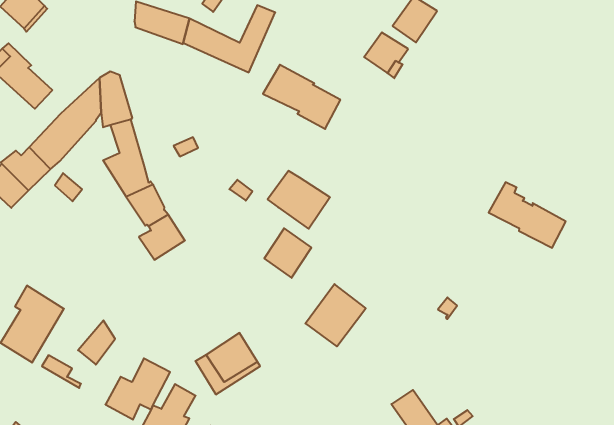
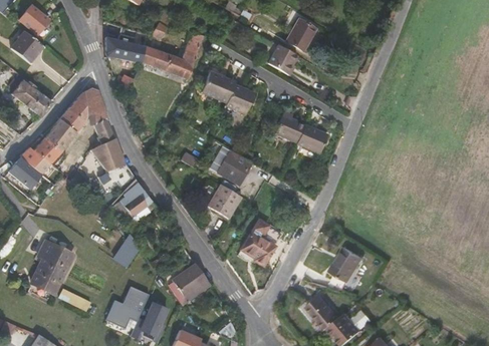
building: [489,182,566,248] -> [273,113,327,156]
building: [78,320,115,365] -> [115,237,141,268]
building: none -> [328,246,365,290]

